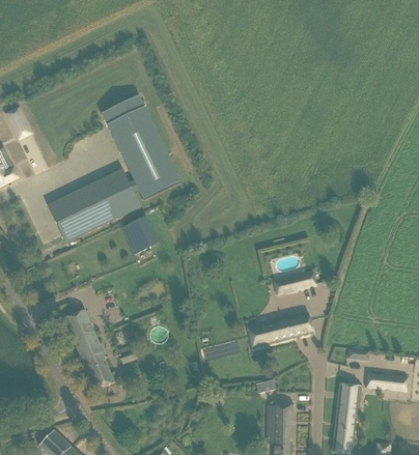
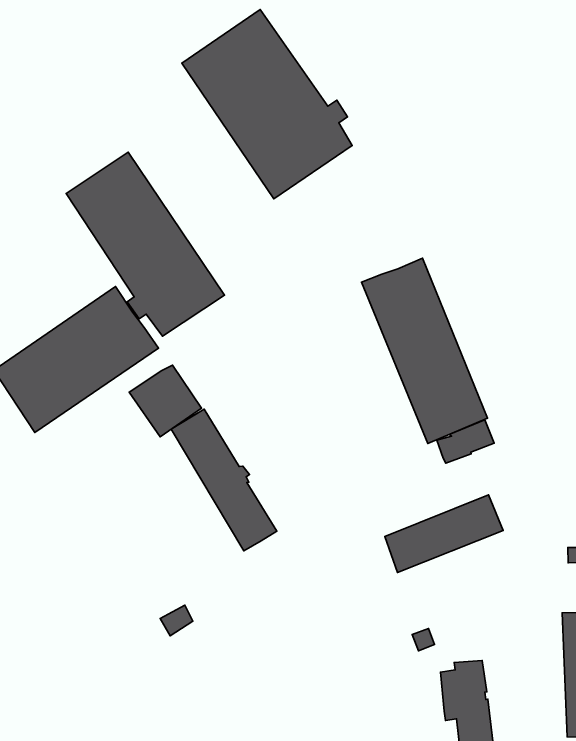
building: none -> [182,10,352,199]
building: none -> [362,258,487,444]
building: [64,309,114,390] -> [171,409,277,551]

